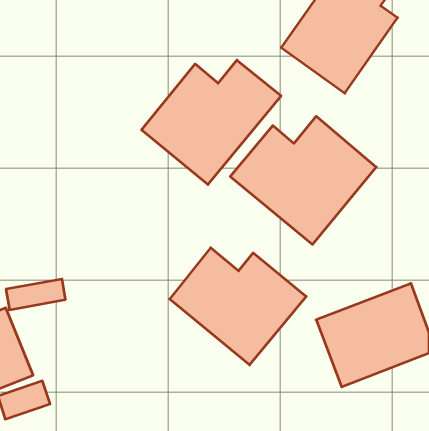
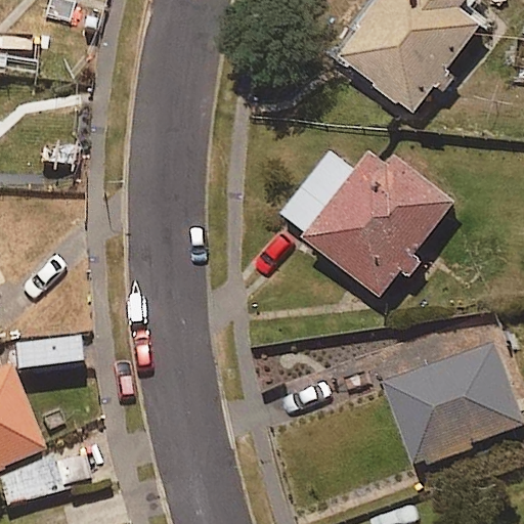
building: [142,60,281,185] -> none
building: [170,248,306,365] -> none

